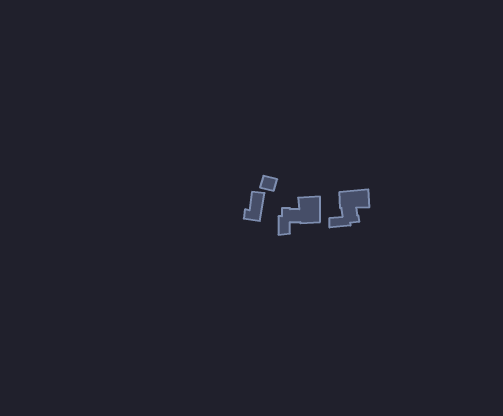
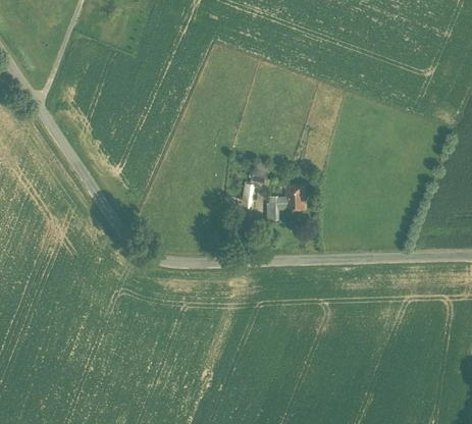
building: [330,189,369,228] -> none

